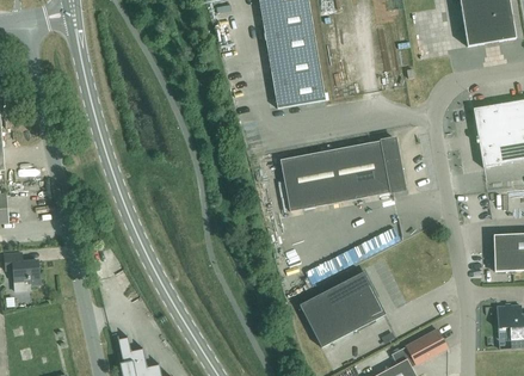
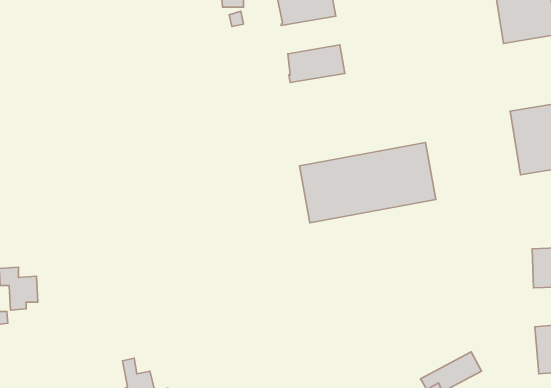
building: [263,21,316,56] -> none
building: [271,74,325,107] -> none
building: [298,271,386,347] -> none

